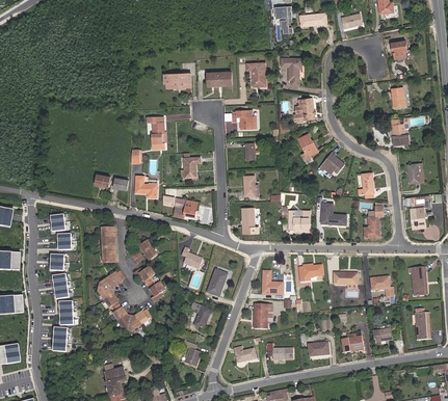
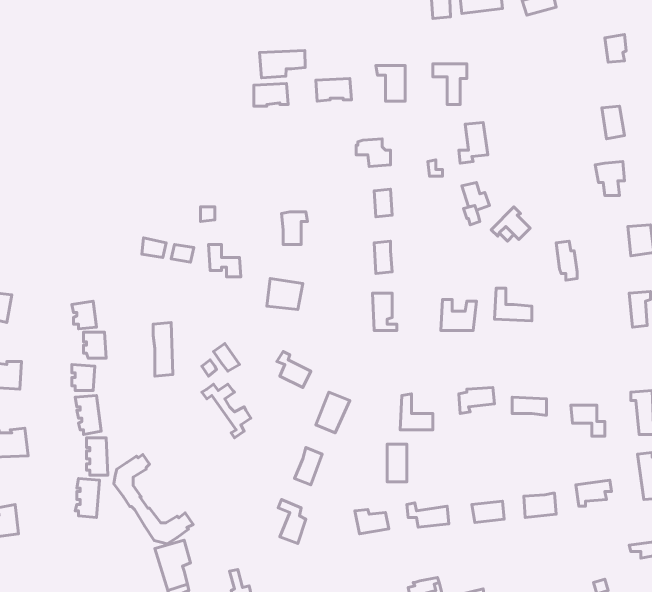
building: none -> [259,50,305,78]
building: [149,113,165,146] -> none
building: [363,206,383,238] -> none
building: [100,271,151,328] -> [114,454,193,544]

